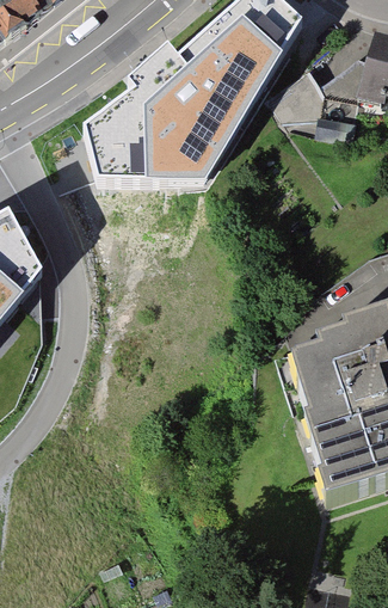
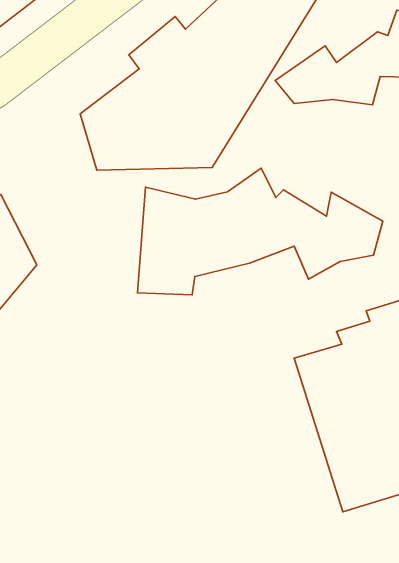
building: none -> [137,168,383,295]

